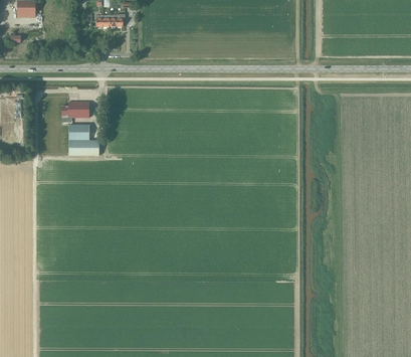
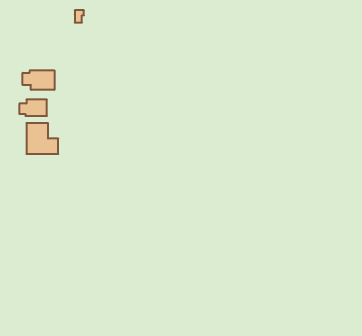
building: none -> [23,70,54,90]

